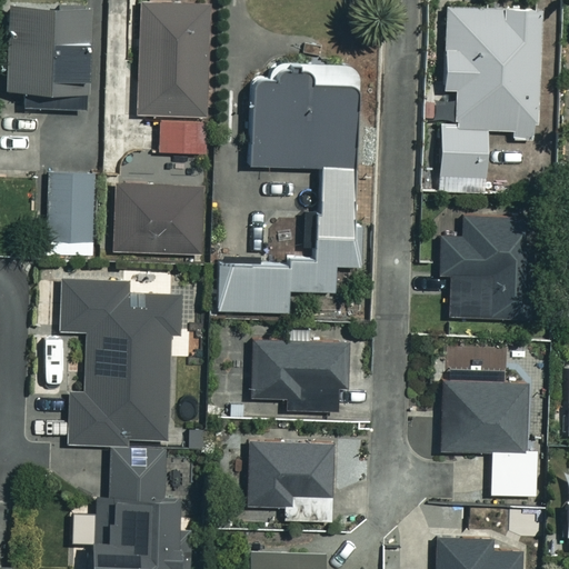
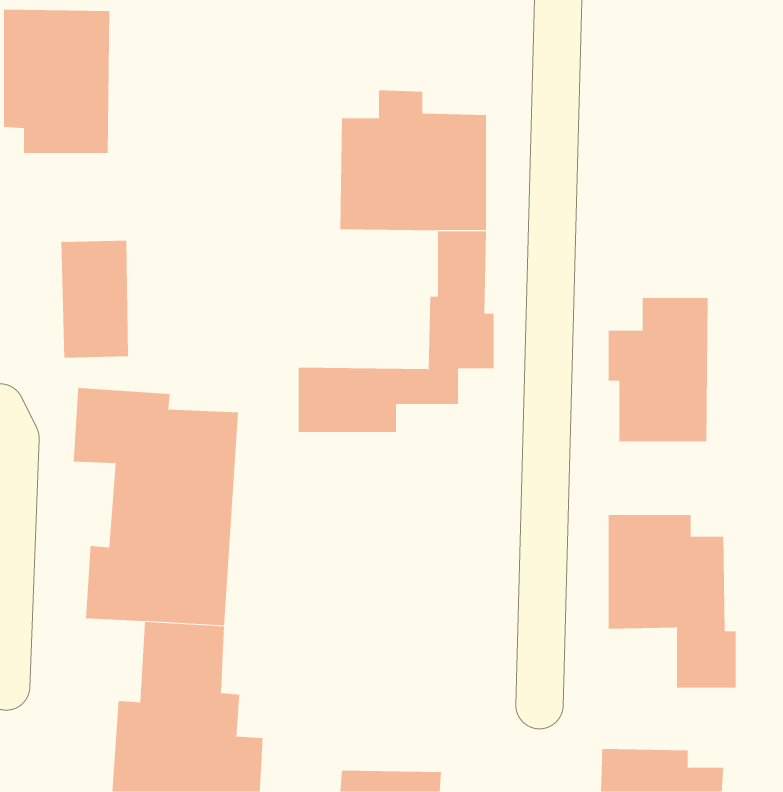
building: [139,7,208,152] -> none
building: [440,8,537,182] -> none
building: [117,186,202,252] -> none
building: [252,340,349,409] -> none
building: [249,442,333,520] -> none

